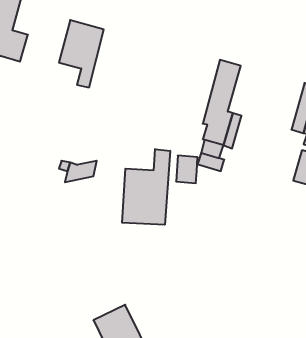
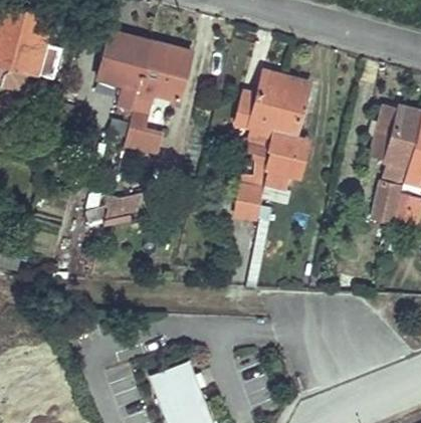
building: none -> [125,41,192,154]
building: none -> [234,70,286,162]
building: [122,149,170,225] -> none

